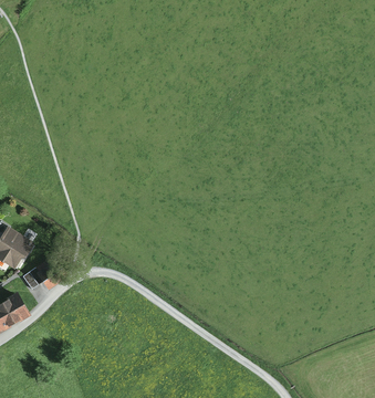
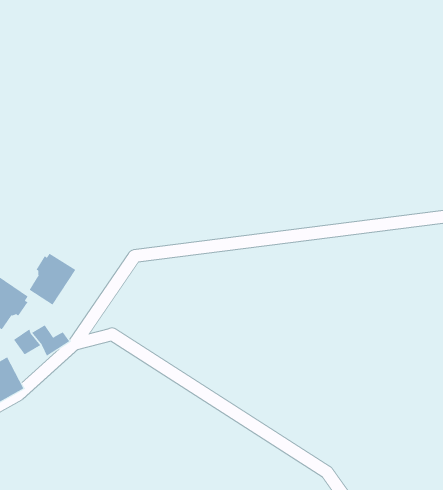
building: none -> [29,253,76,306]

